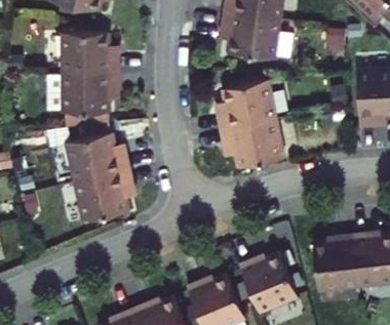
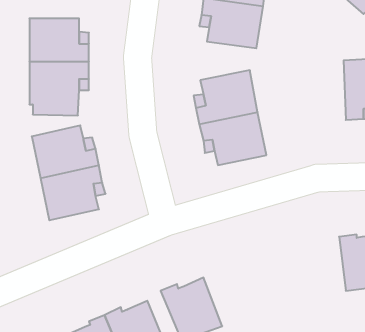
building: [310,235,357,290] -> none
building: [237,253,295,313] -> none

